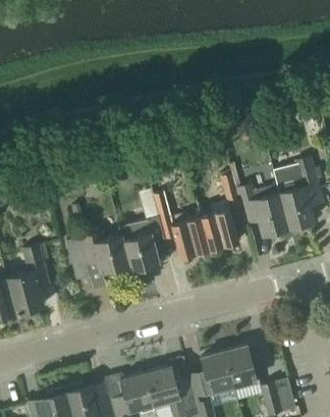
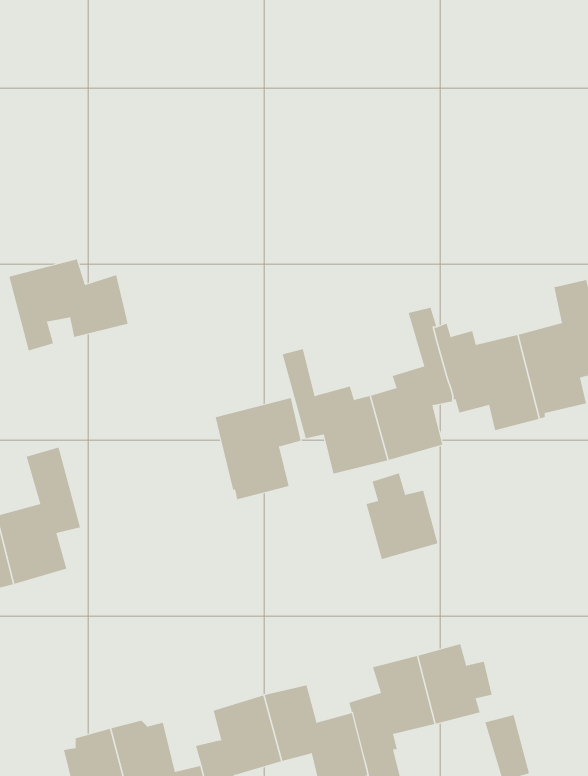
building: [66,232,128,280] -> [9,259,129,351]
building: none -> [366,473,438,560]

